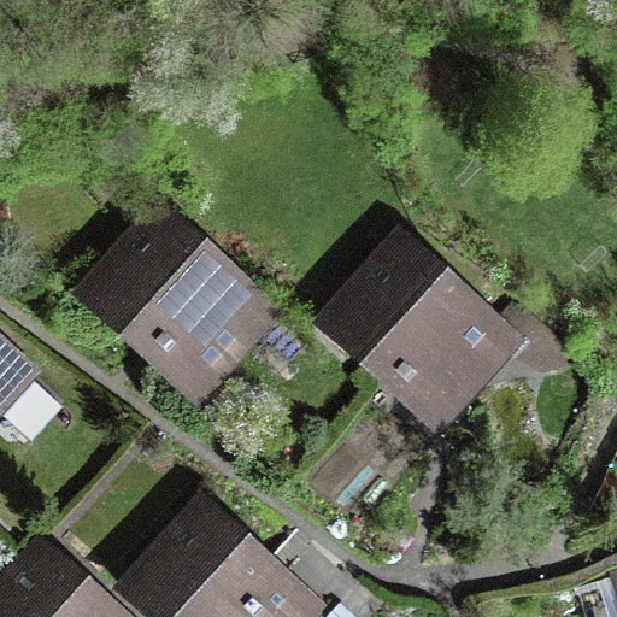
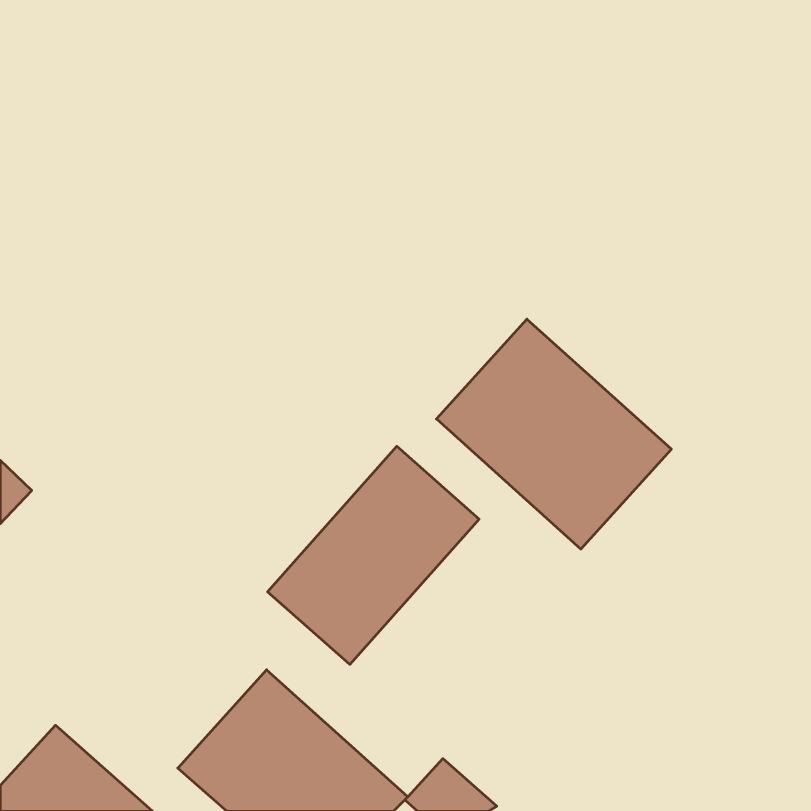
building: [93,215,268,386] -> none
building: none -> [268,446,479,664]

